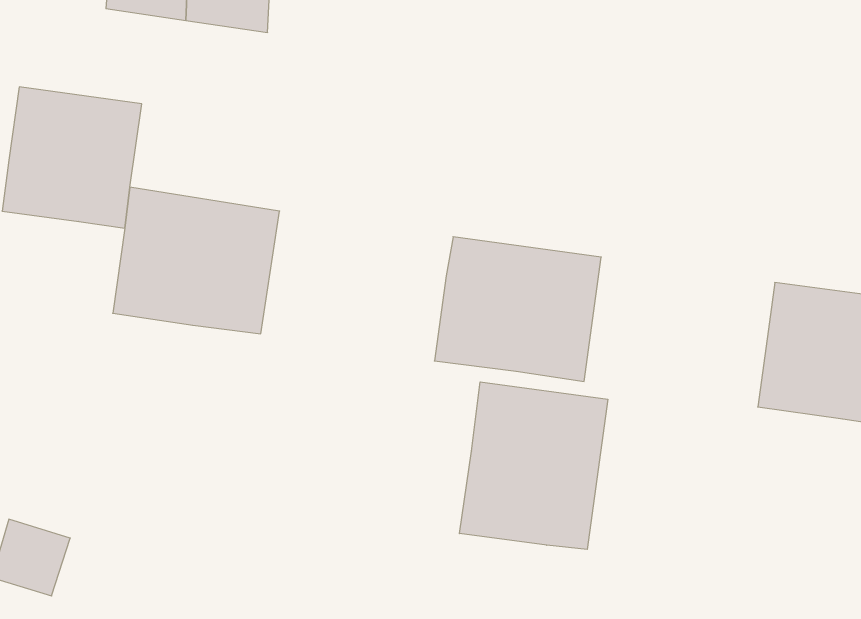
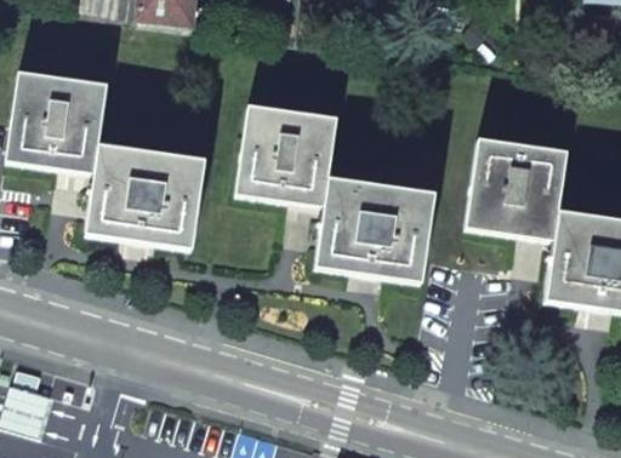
building: none -> [237,105,337,207]
building: none -> [466,138,566,240]
building: [459,382,608,549] -> none

